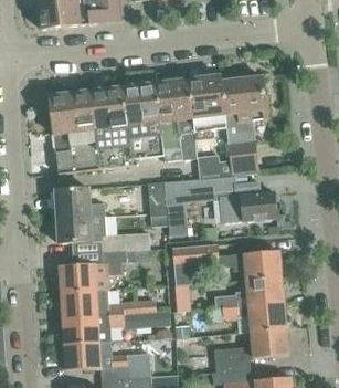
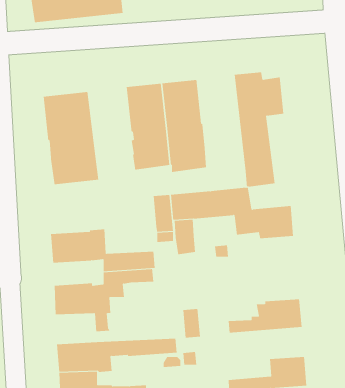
building: [188,74,226,140] -> none
building: [89,85,131,169] -> none
building: [197,156,232,179] -> none
building: [54,189,105,218] -> none
building: [172,243,280,279] -> none
building: [60,290,169,317] -> none
building: [216,302,285,331] -> none

